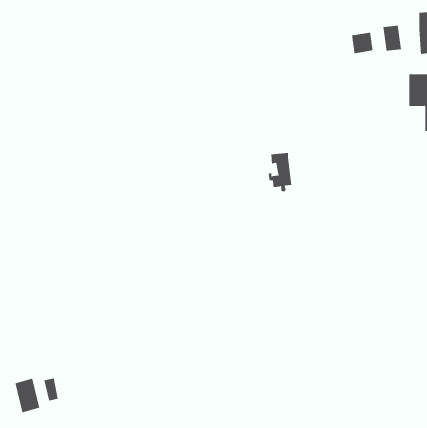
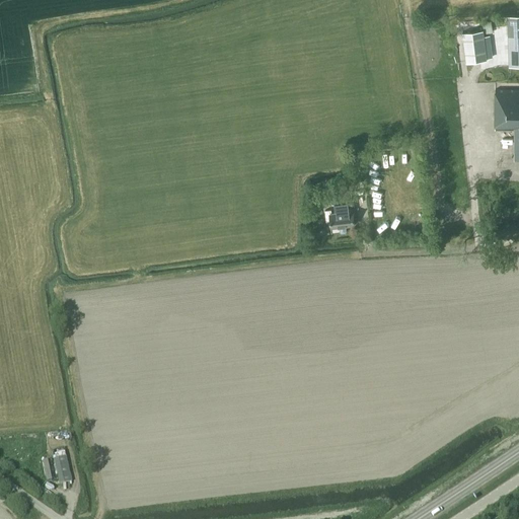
building: [351,32,373,54] -> none
building: [15,378,40,413] -> none

